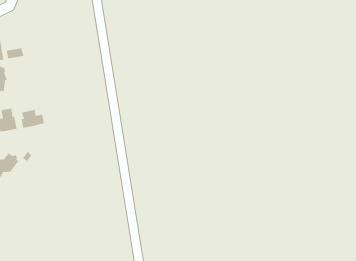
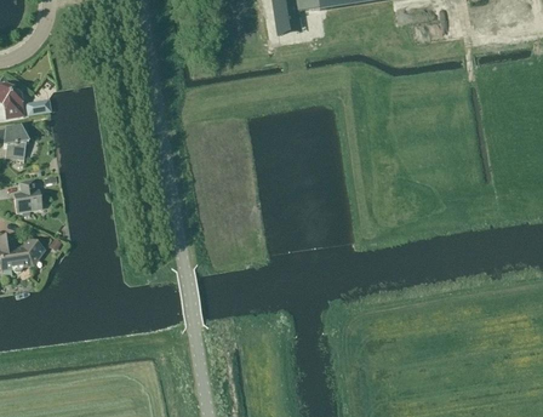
building: [21,109,44,129] -> none

